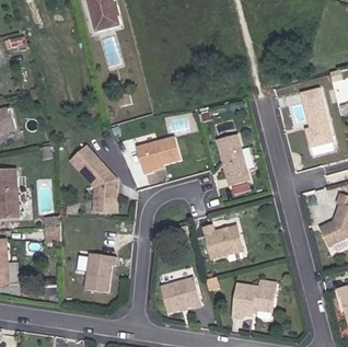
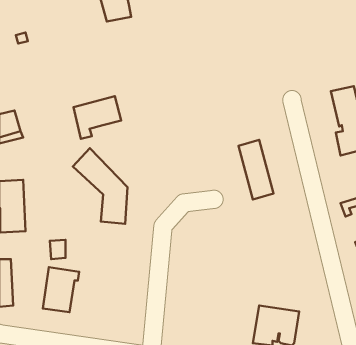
building: [136,135,178,173] -> [74,96,121,139]
building: [199,224,240,259] -> none
building: [82,252,115,292] -> [43,267,79,312]
building: [163,276,204,312] -> none

